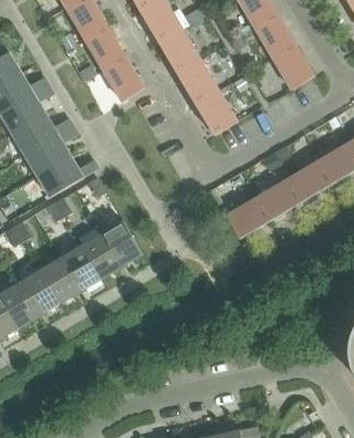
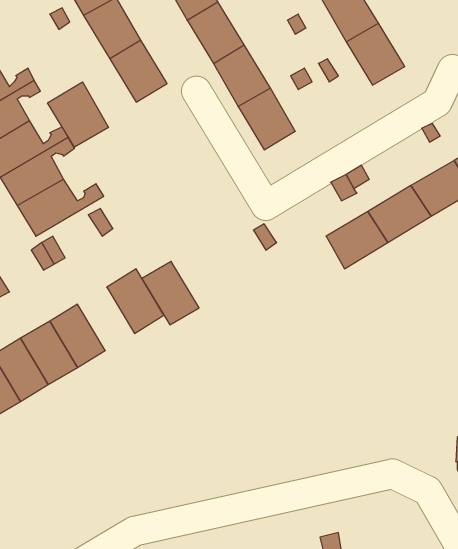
building: none -> [48,82,108,147]
building: [226,197,271,238] -> none
building: [80,233,121,279] -> [142,261,199,325]

